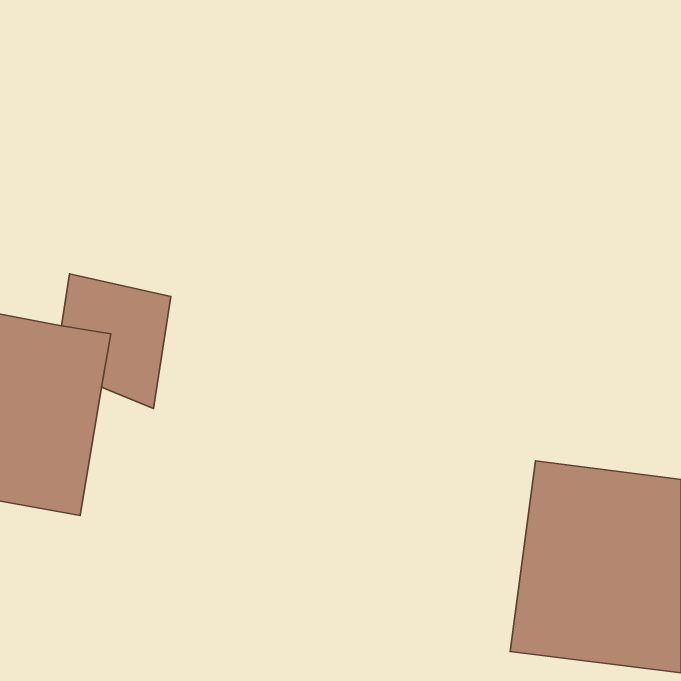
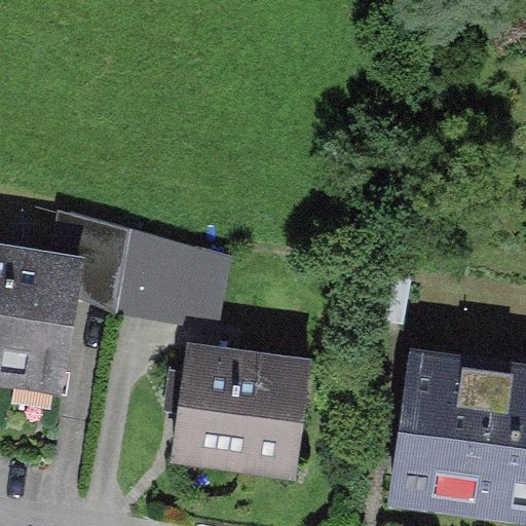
building: none -> [118,229,198,326]
building: none -> [173,345,312,478]

